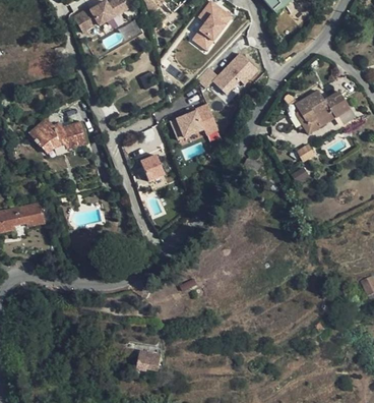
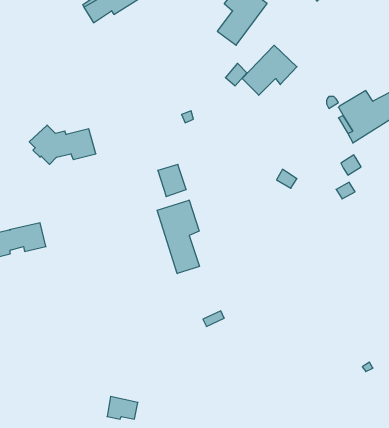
building: [170,103,222,141] -> none
building: none -> [157,200,200,274]
building: [135,351,162,370] -> [107,396,138,419]

